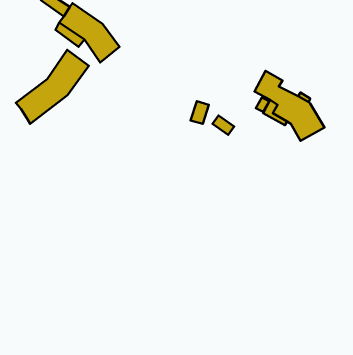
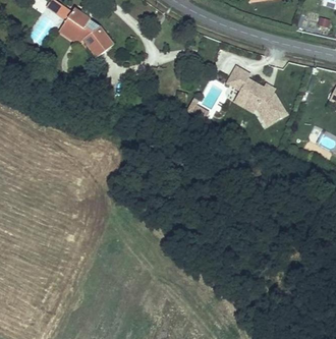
building: [16,50,89,124] -> none

